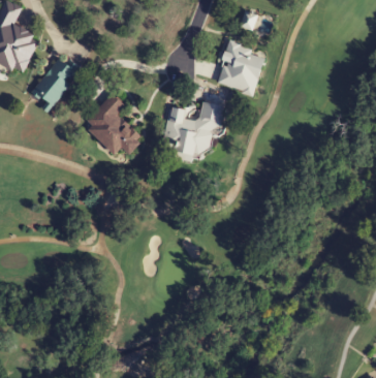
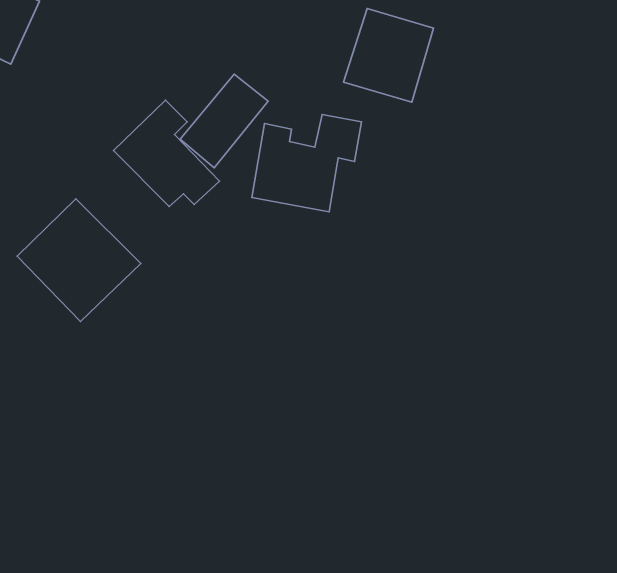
building: [30,54,81,107] -> [180,74,268,168]
building: none -> [17,199,141,321]

